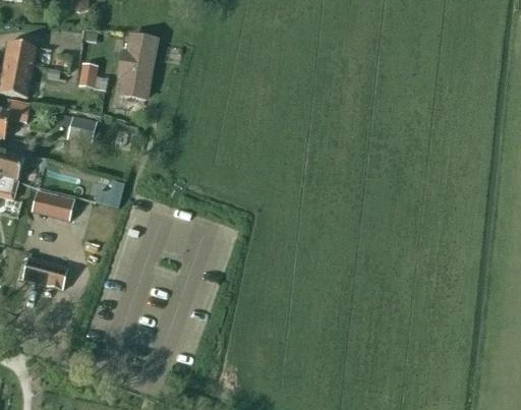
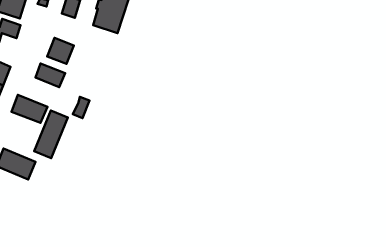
building: none -> [36,64,65,87]
building: none -> [34,111,68,158]

